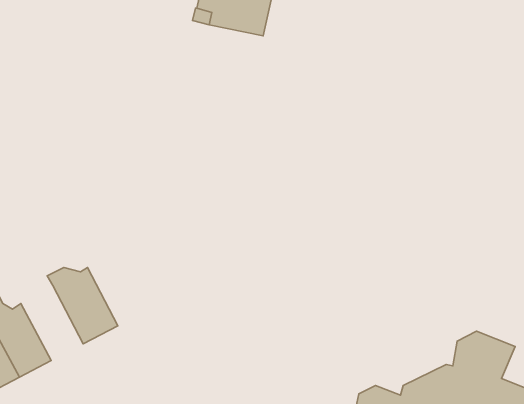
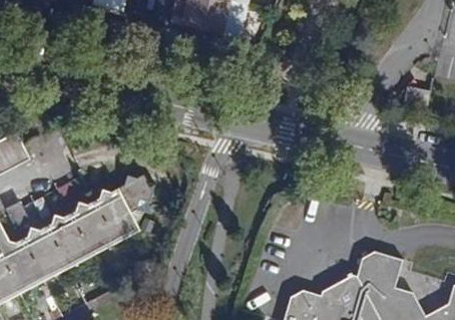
building: none -> [90,176,156,244]
building: none -> [42,214,91,269]

